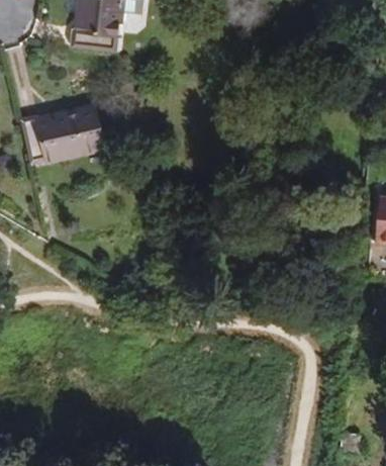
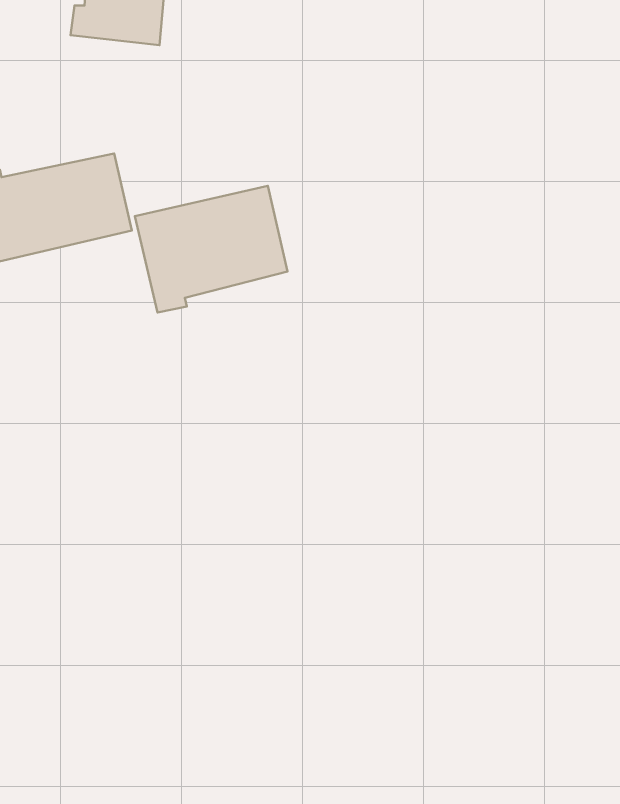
building: none -> [135,186,288,313]

